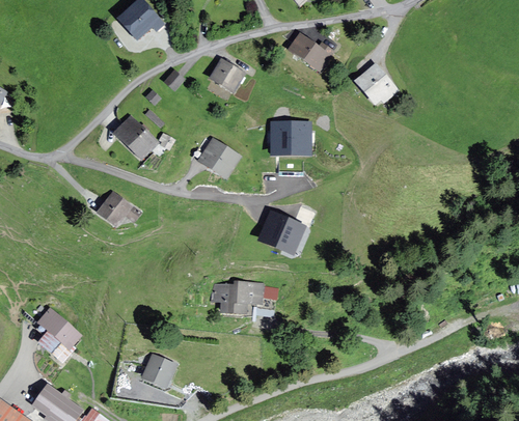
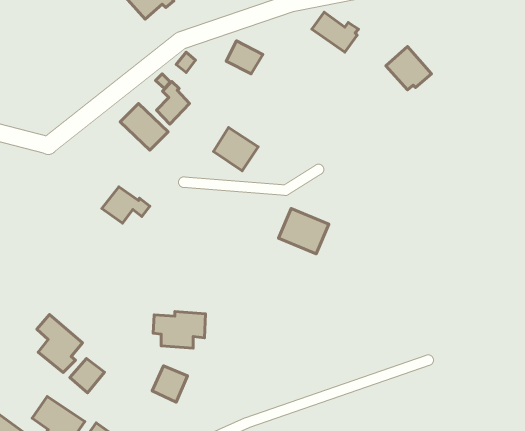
building: none -> [156,82,190,124]
building: [272,121,309,156] -> none
building: [215,280,263,313] -> [153,312,206,348]
building: none -> [70,359,105,393]

